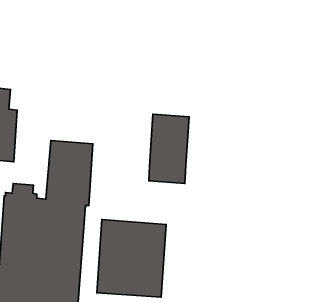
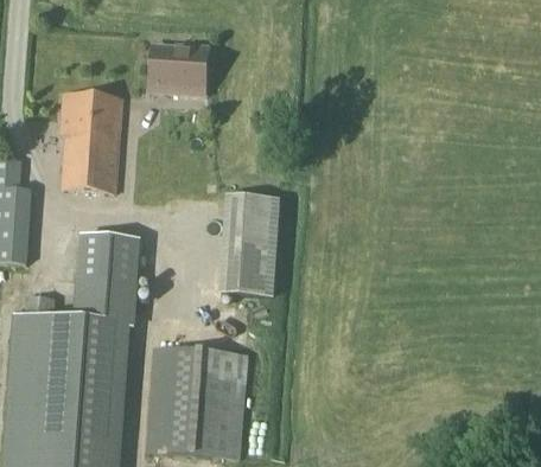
building: none -> [149,45,206,94]
building: none -> [59,94,121,192]

